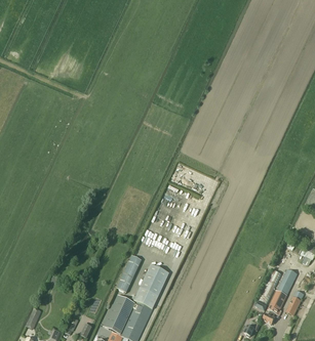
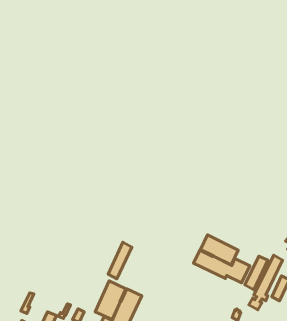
building: none -> [193,235,250,283]
building: [133,264,168,308] -> none

